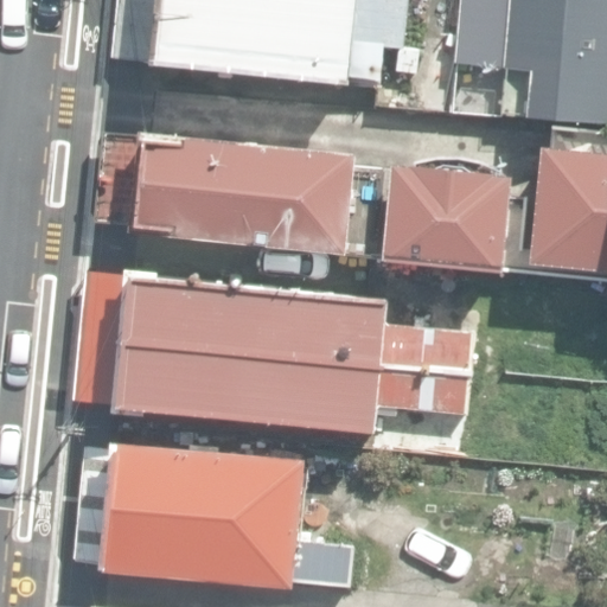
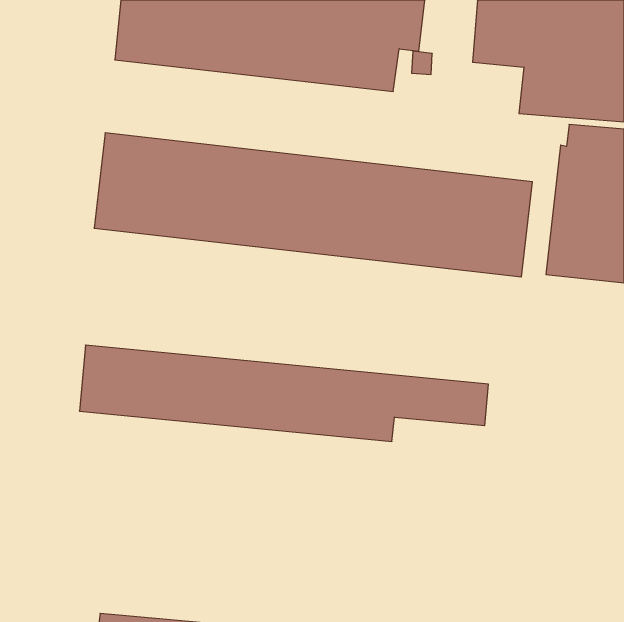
building: [83,273,479,375] -> none
building: [77,442,356,587] -> none

